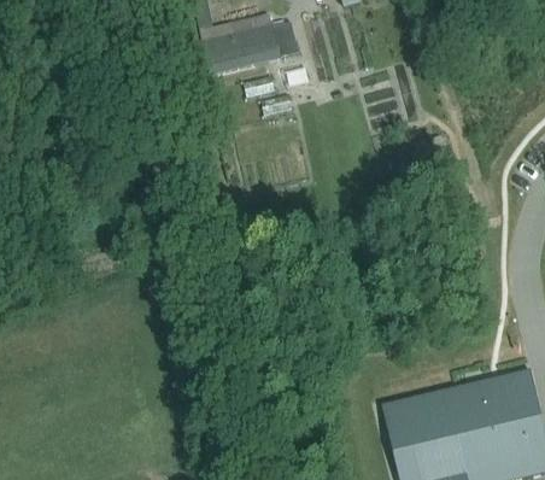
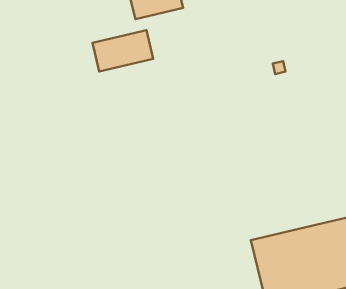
building: none -> [93,30,153,72]

